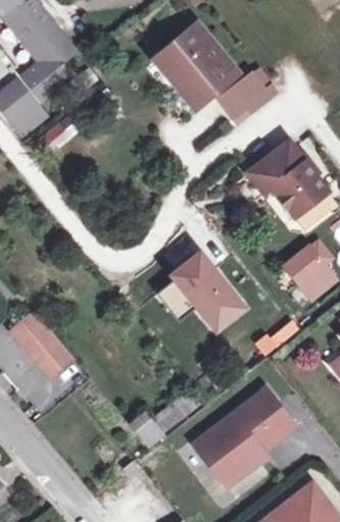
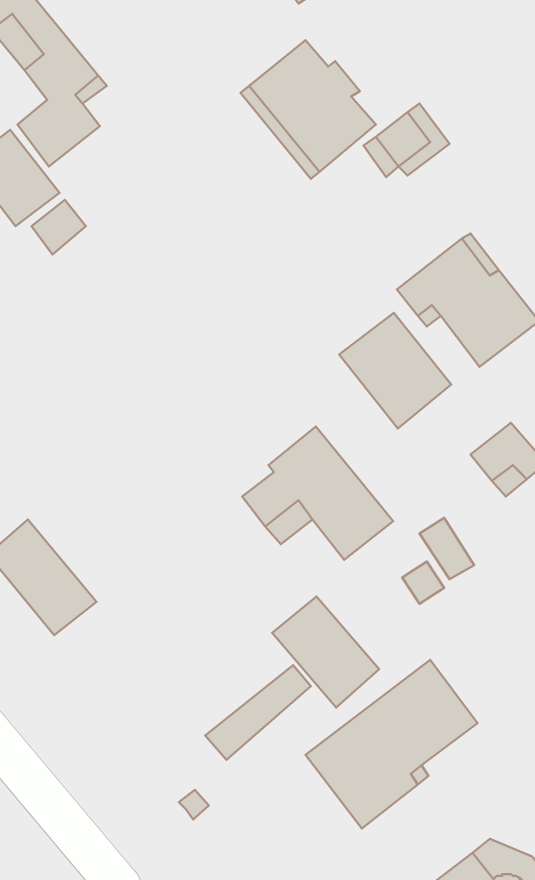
building: none -> [339,313,451,428]
building: none -> [272,596,379,707]

